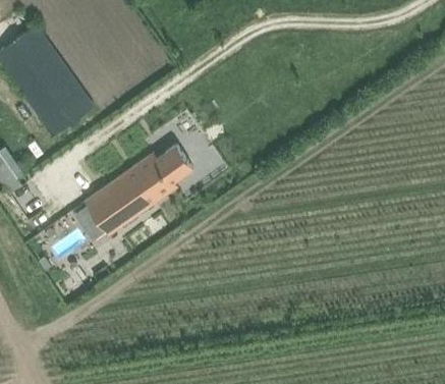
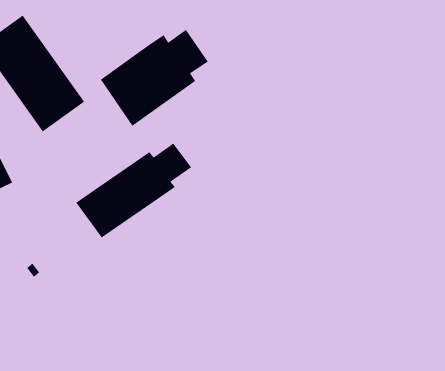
building: none -> [100,29,209,127]

